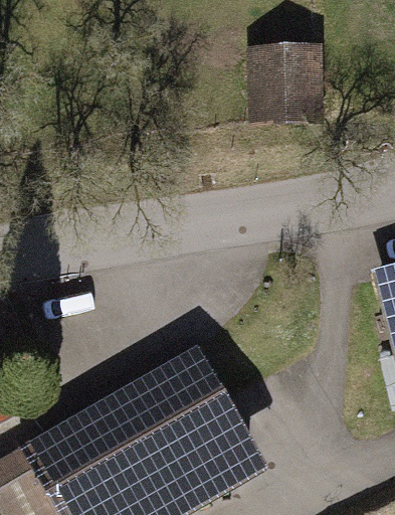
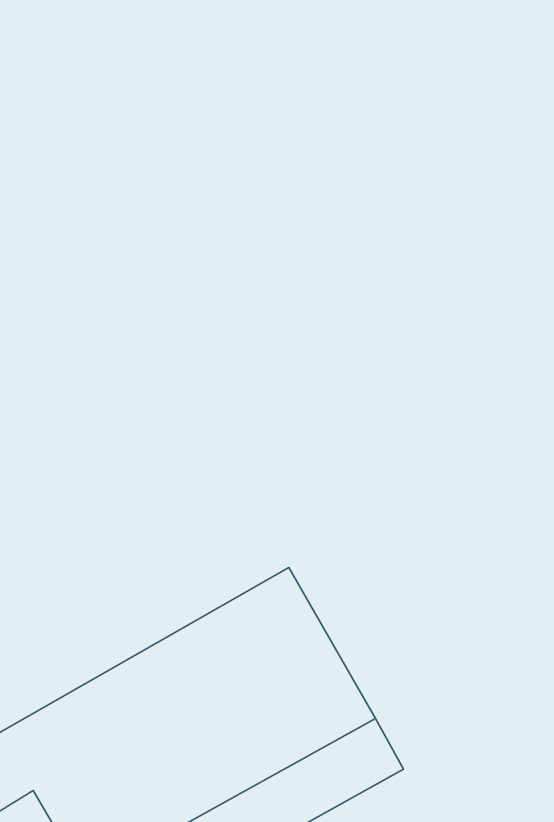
building: [253,53,313,121] -> none

